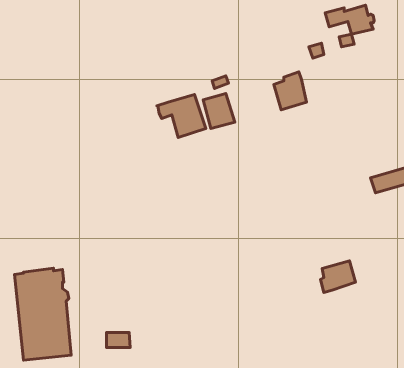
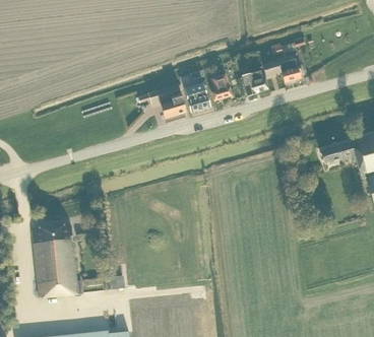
building: [325,5,374,34] -> [262,58,302,81]
building: none -> [209,71,231,99]
building: [321,261,355,292] -> none

